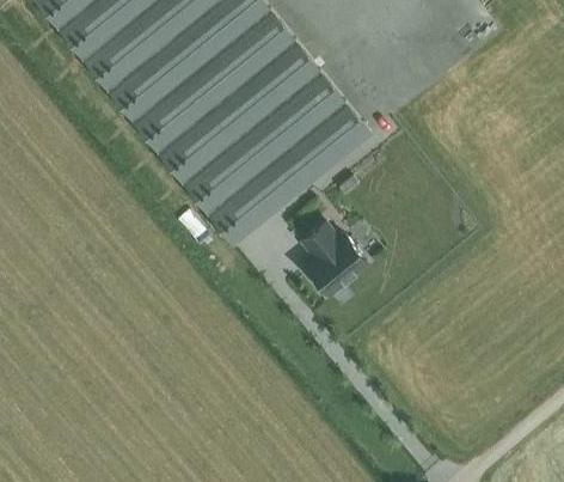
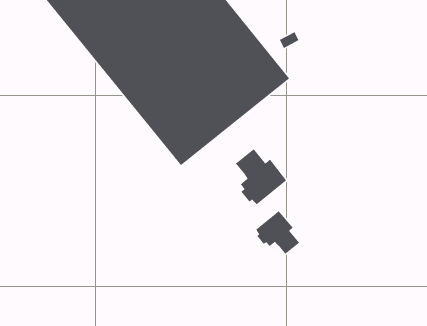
building: none -> [255,210,300,255]

